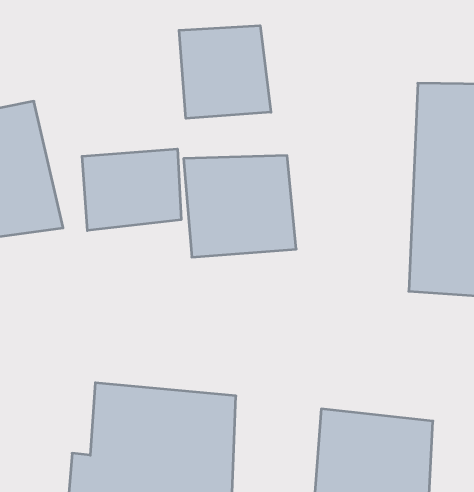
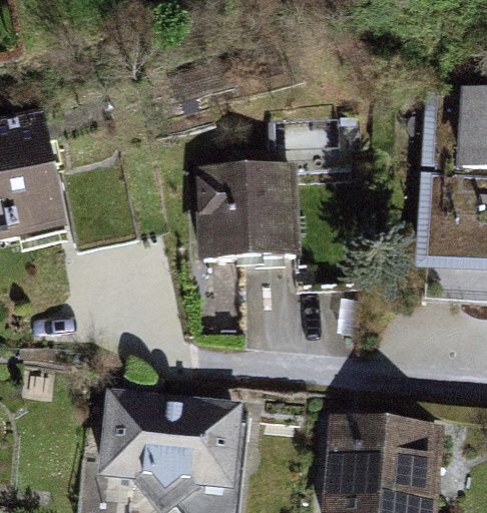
building: [179,26,271,118] -> none
building: [82,149,181,231] -> none

